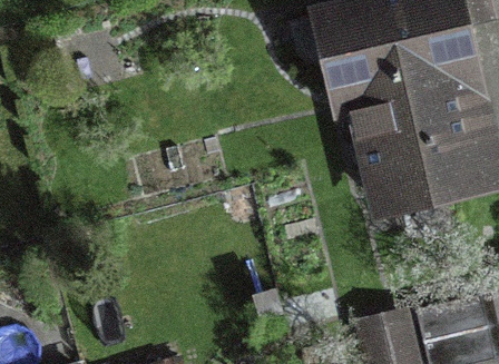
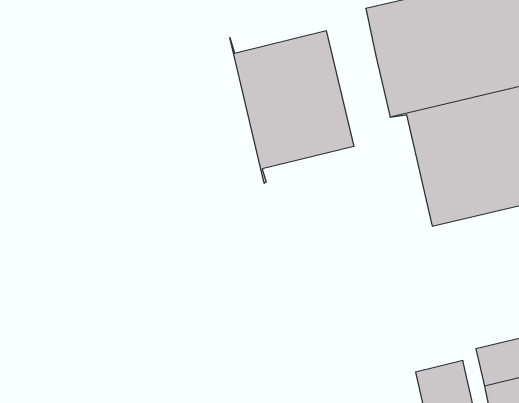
building: none -> [230,31,354,183]

